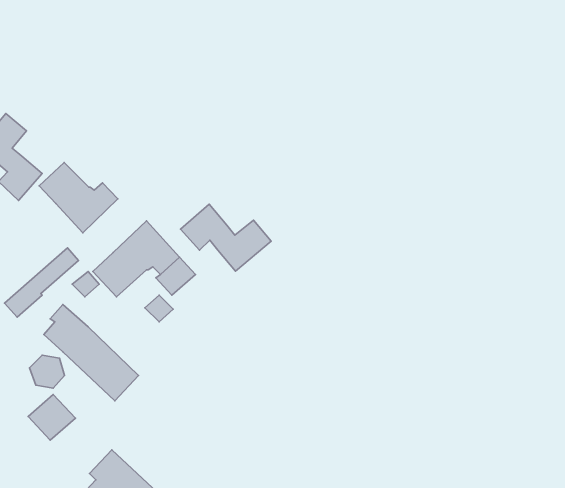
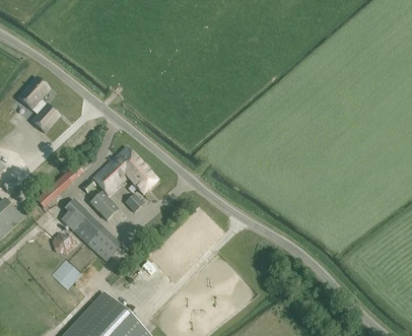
building: [39,162,118,233] -> none
building: [180,204,271,271] -> none
building: none -> [90,191,119,219]

